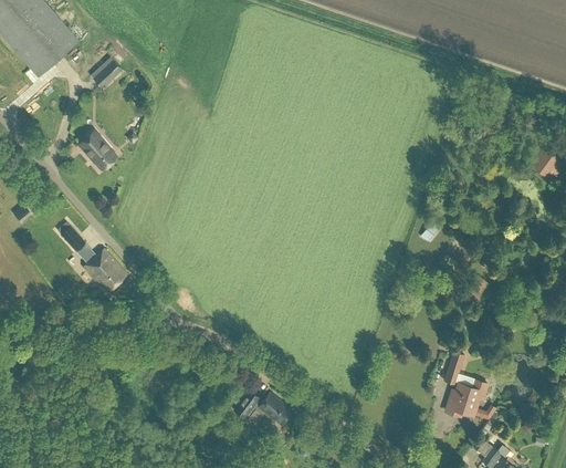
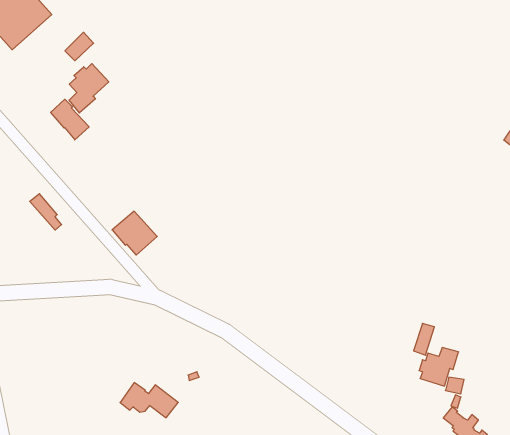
building: none -> [69,64,109,113]
building: [84,250,129,294] -> [112,211,157,255]
building: [234,391,293,426] -> [120,383,178,418]

